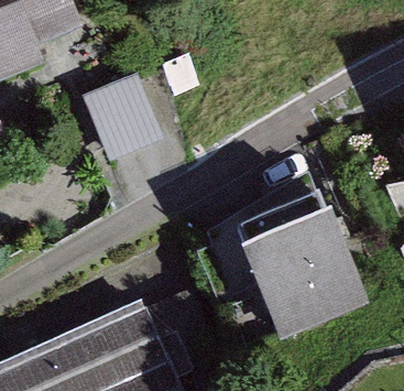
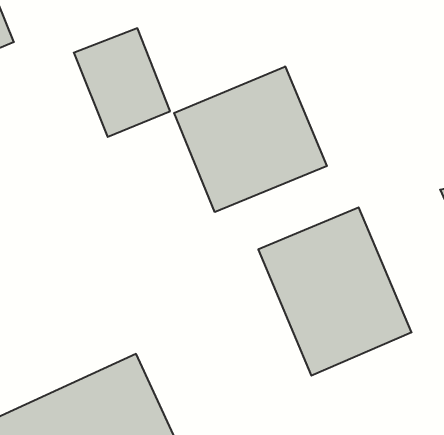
building: none -> [174,66,327,212]

